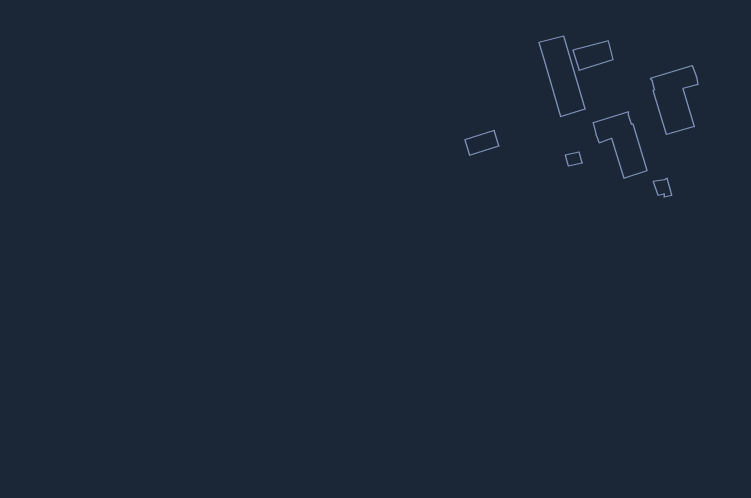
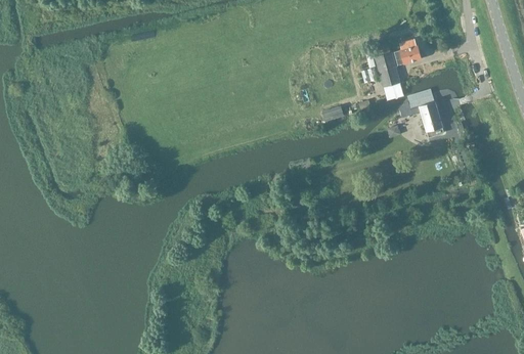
building: [650,66,698,134] -> none

